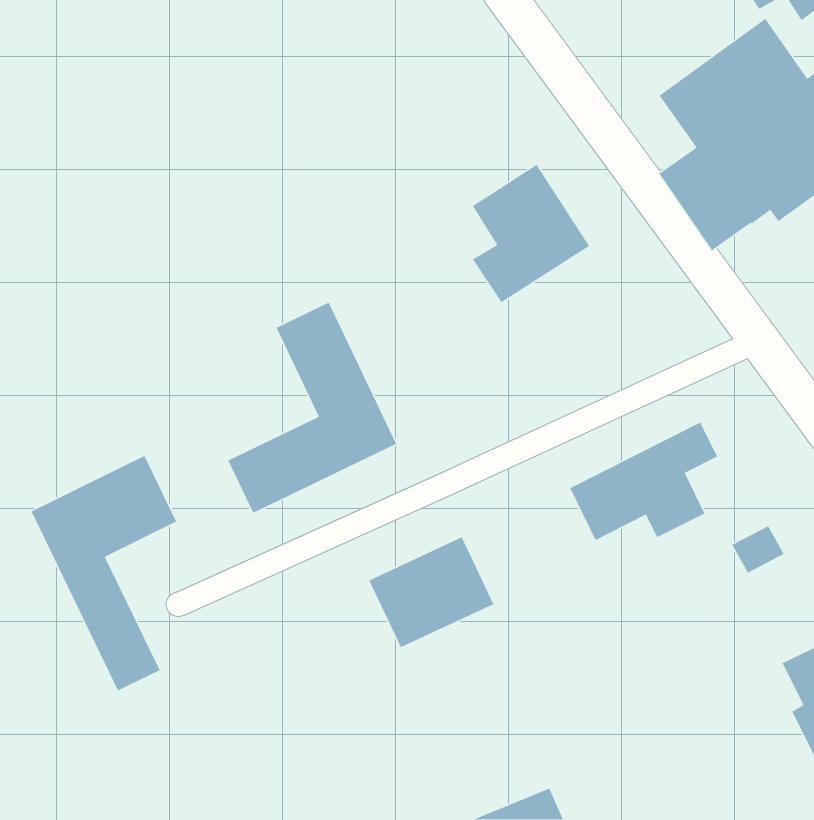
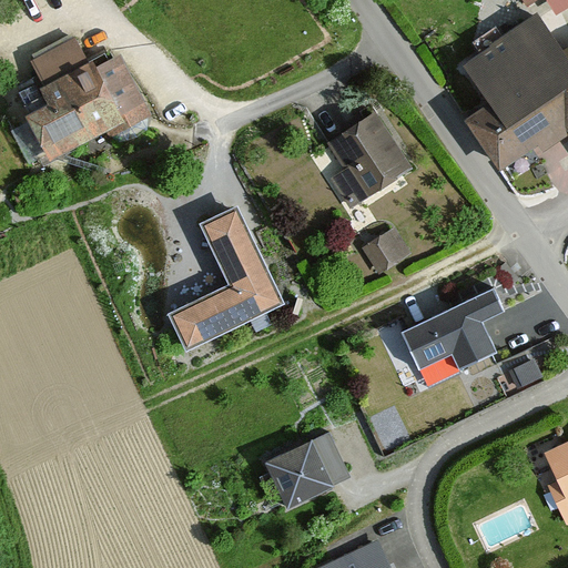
building: none -> [23,32,155,160]
building: none -> [367,227,416,275]
building: [30,455,177,691] -> none
building: [368,536,495,648] -> [266,433,353,509]

